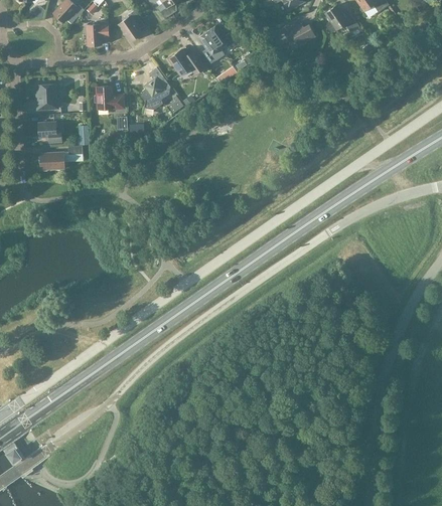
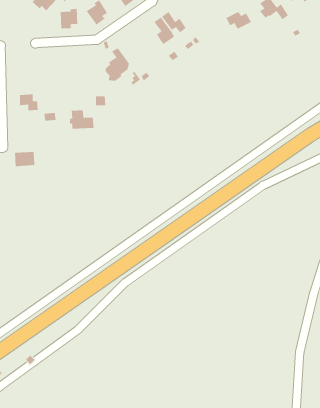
building: [167,48,204,74] -> none
building: [36,82,57,109] -> none
building: [94,85,124,108] -> [69,110,94,129]
building: [39,151,64,169] -> [14,152,35,167]

